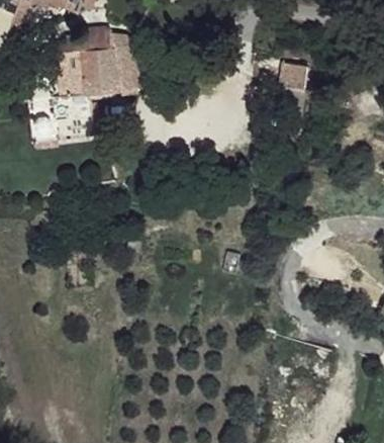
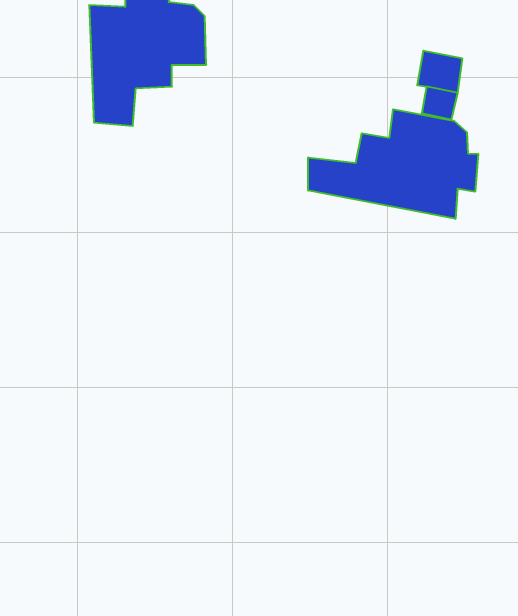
building: none -> [308,109,478,219]

